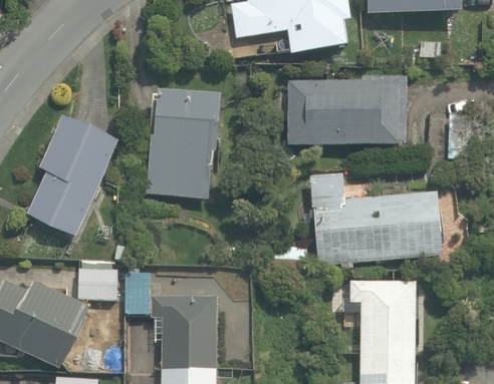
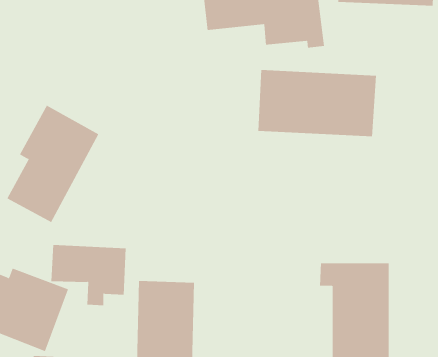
building: [140,93,236,200] -> none
building: [306,171,446,266] -> none

